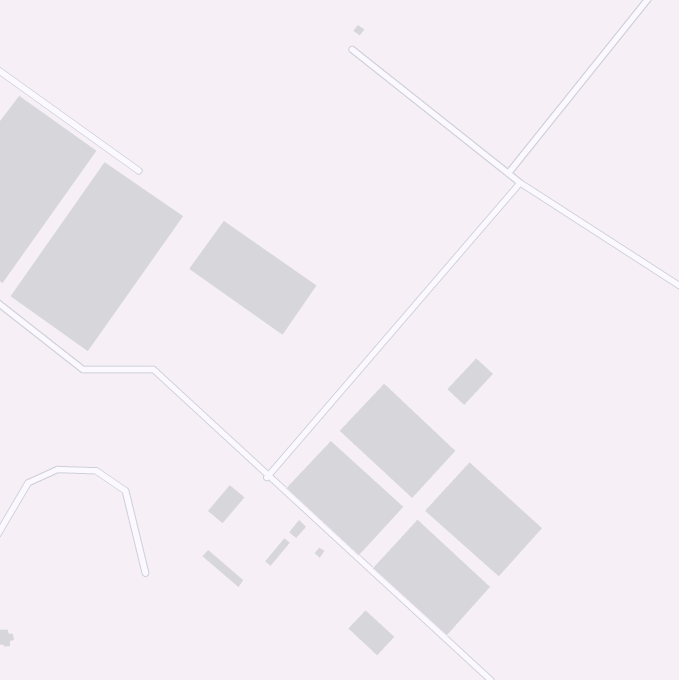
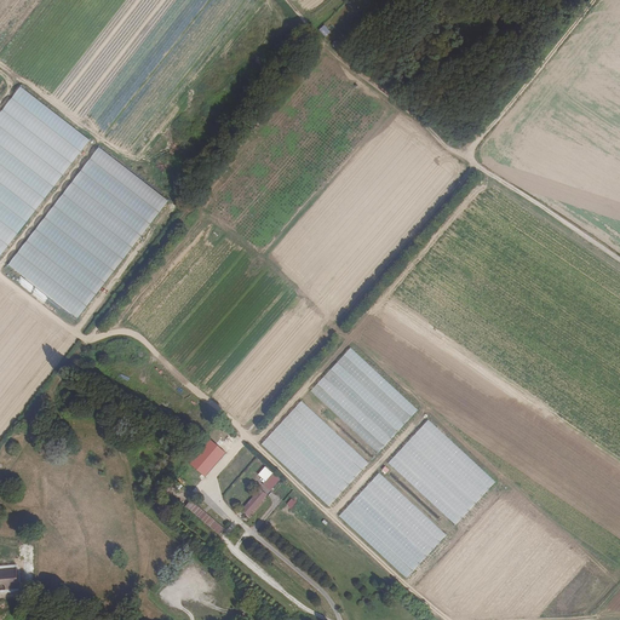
building: [188,220,317,336] -> none
building: [447,357,494,406] -> none
building: [347,609,395,656] -> none

